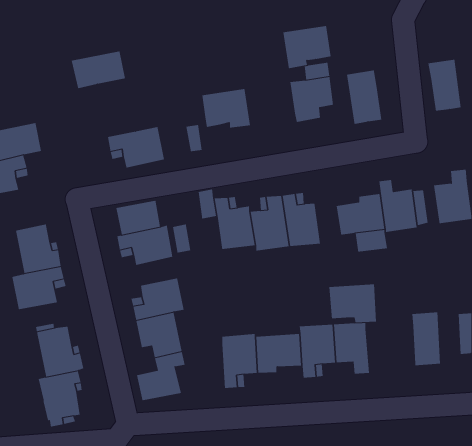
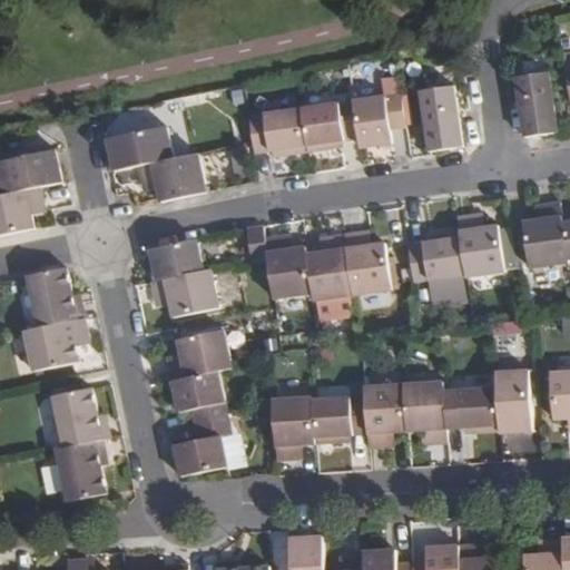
building: [282,25,332,69] -> [299,99,357,150]
building: [71,51,126,89] -> [106,125,170,169]
building: [328,284,377,323] -> [442,386,499,432]

